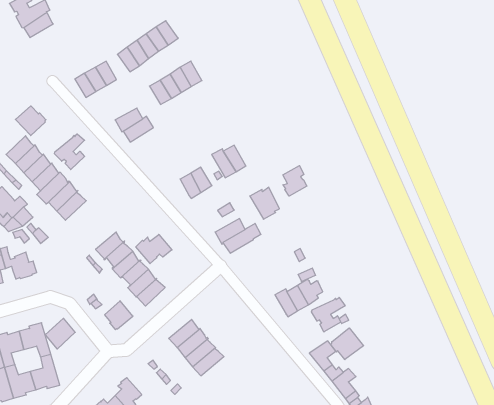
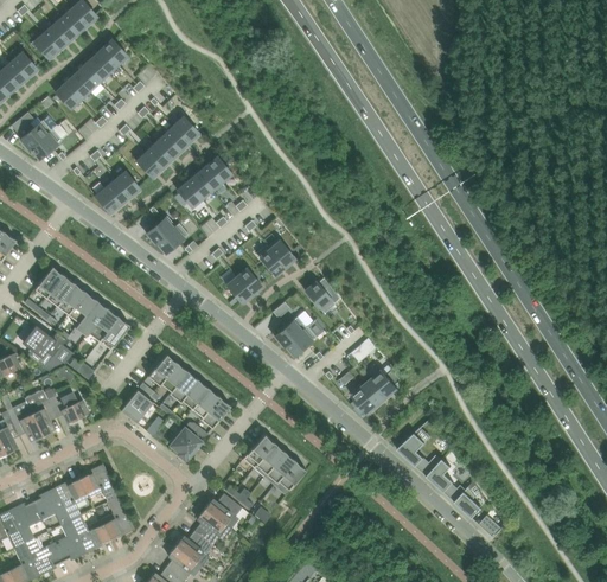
building: [15,106,46,136] -> none
building: [55,134,85,170] -> none
building: [283,166,307,196] -> none
building: [136,234,172,264] -> none
building: [312,297,345,332] -> none
building: [45,318,75,349] -> [121,389,153,423]
building: [330,328,364,360] -> none
building: none -> [205,493,242,524]

